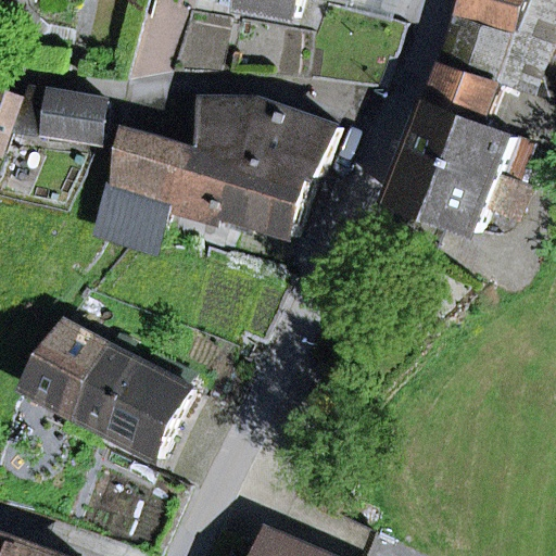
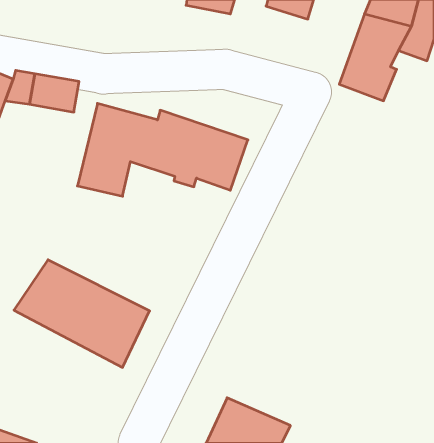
building: [200,98,333,177] -> none
building: [387,105,527,232] -> none

